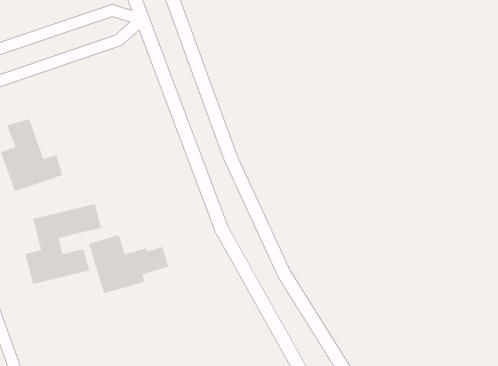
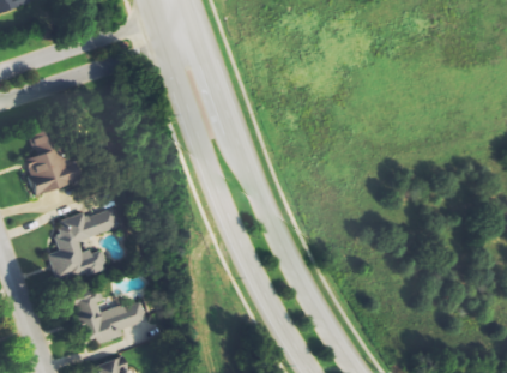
building: [88,235,169,294] -> [68,291,144,347]

